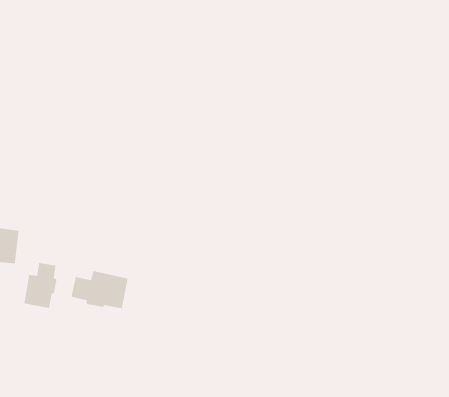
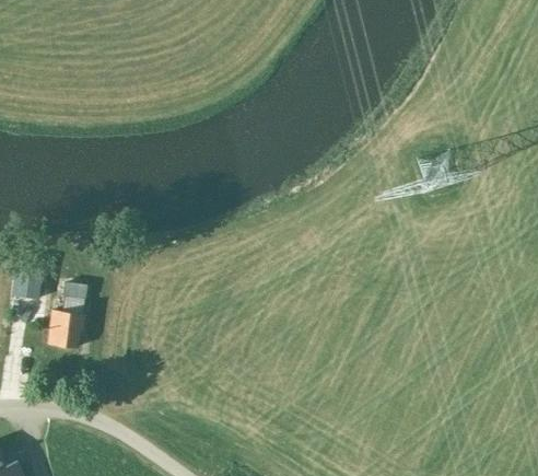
building: [71,270,129,309] -> none

